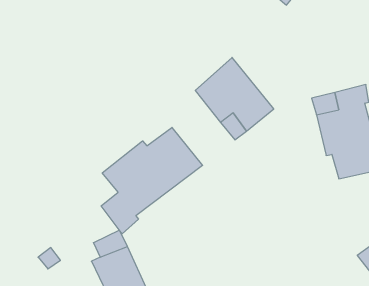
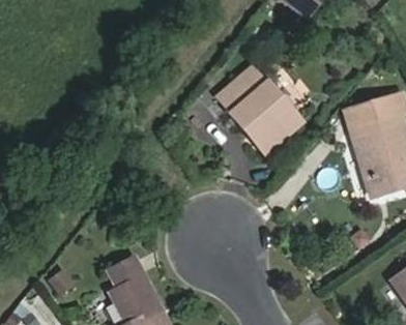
building: [101,127,203,234] -> none

